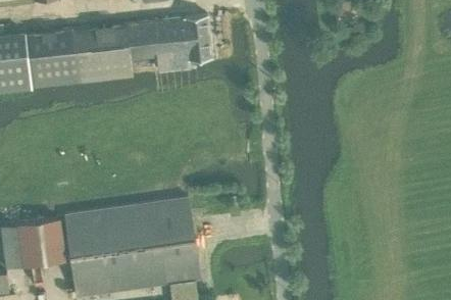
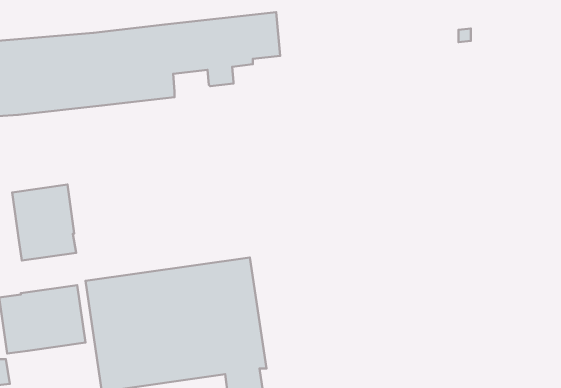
building: none -> [12,185,76,260]

